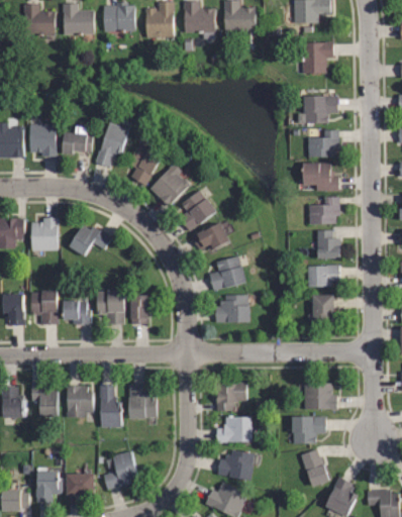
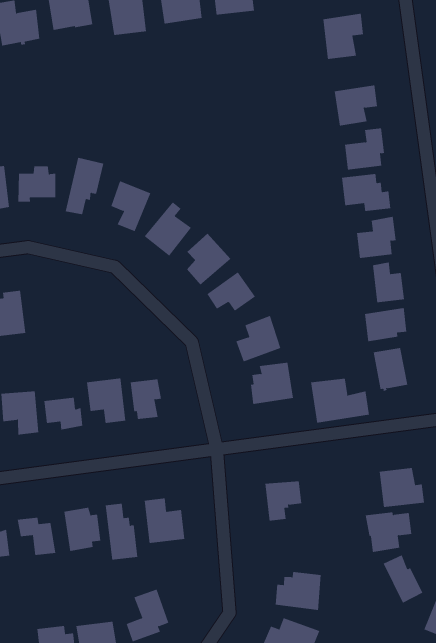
building: [70,226,112,255] -> none
building: none -> [311,378,369,423]
building: [217,415,249,441] -> none

